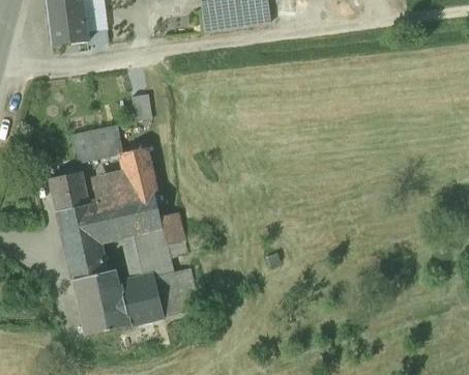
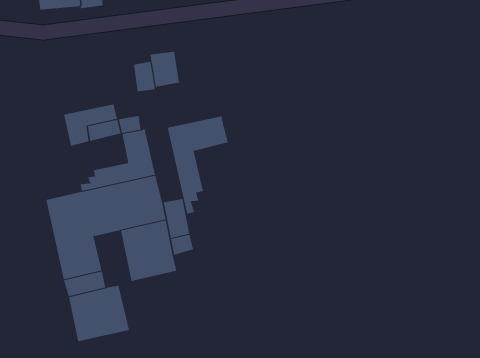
building: none -> [150,51,180,87]
building: none -> [167,115,229,215]
building: [50,171,88,210] -> none
building: [121,268,199,324] -> none

